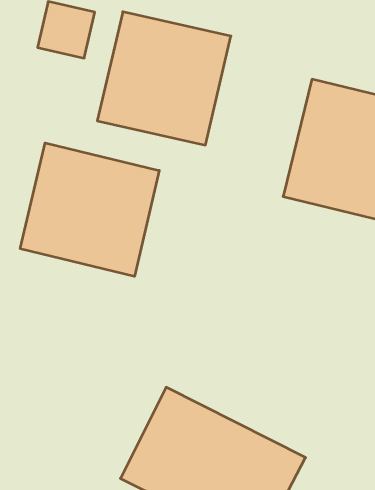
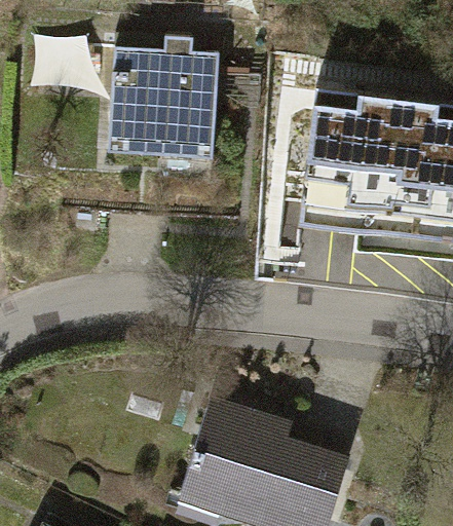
building: [20,143,159,276] -> none

